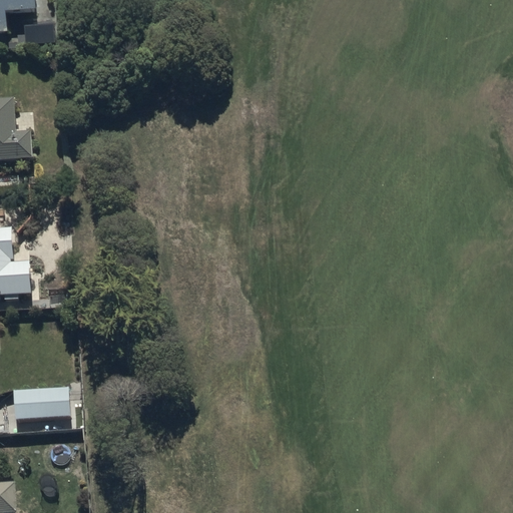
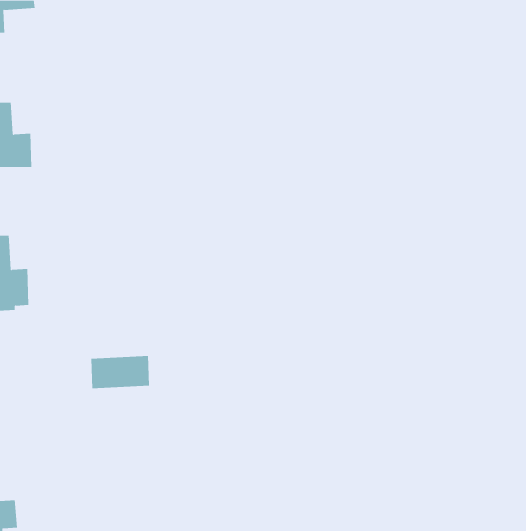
building: [9,388,66,420] -> [90,355,150,389]

